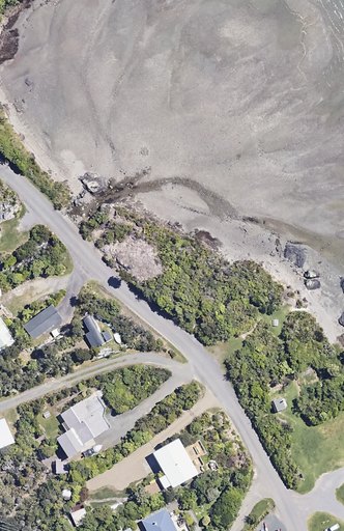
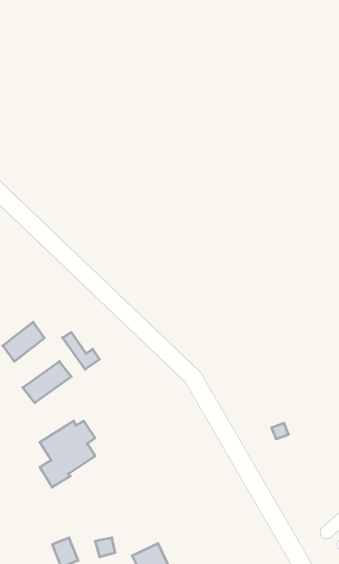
building: none -> [23,361,71,403]
building: [152,438,197,491] -> none

